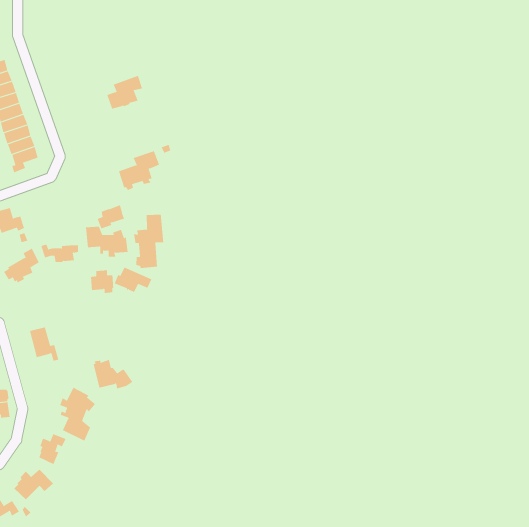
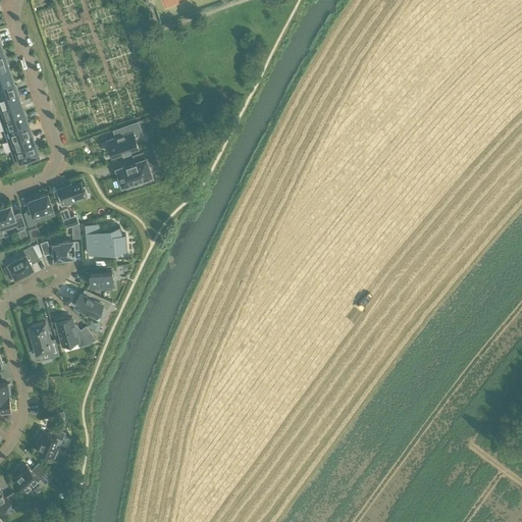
building: [106,75,143,109] -> [106,123,142,157]
building: none -> [22,196,52,229]
building: [97,204,125,229] -> [57,184,85,208]
building: [134,214,164,269] -> none
building: [114,267,152,293] -> [73,292,111,317]
building: [93,359,133,389] -> [55,319,95,349]
building: [59,387,96,442] -> none

